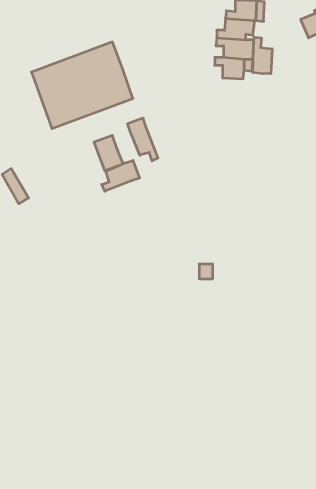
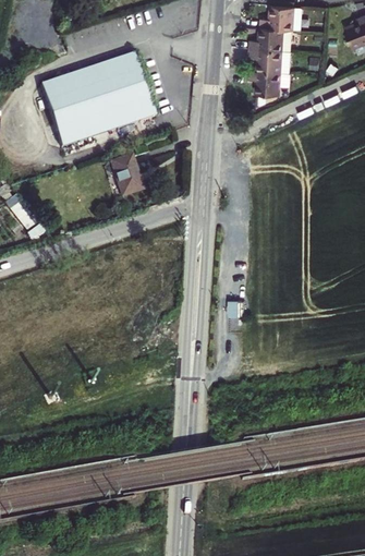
building: [253,37,272,74] -> none
building: [128,118,158,161] -> none
building: [102,160,140,191] -> none

